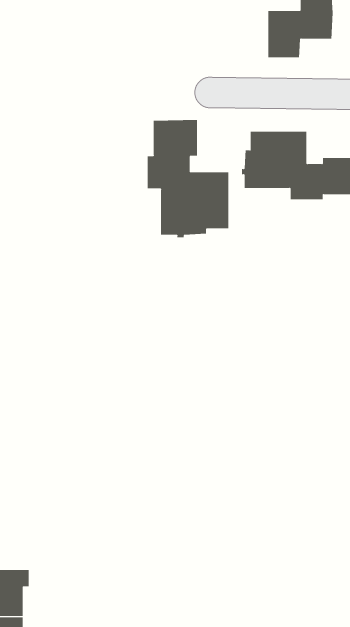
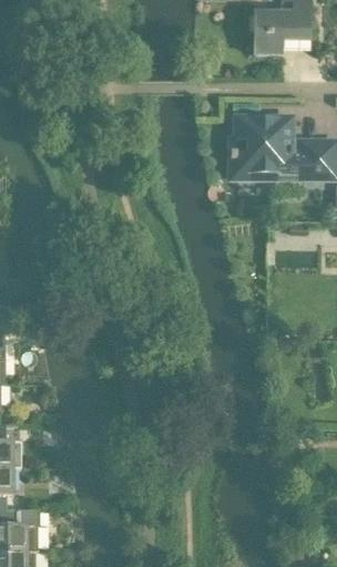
building: [147,119,229,238] -> none

